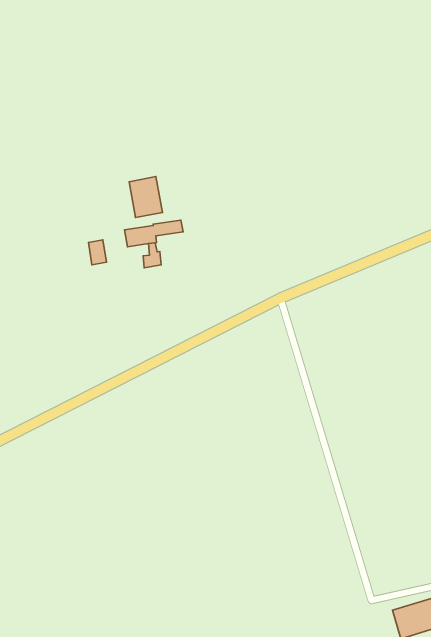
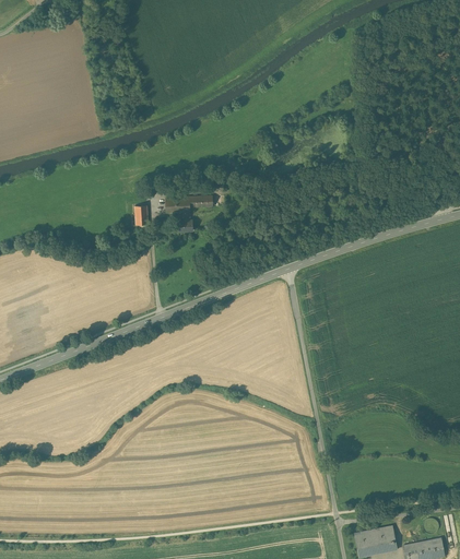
building: [129,177,162,218] -> none

